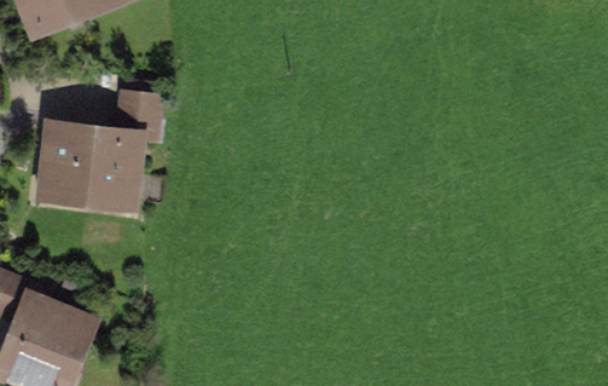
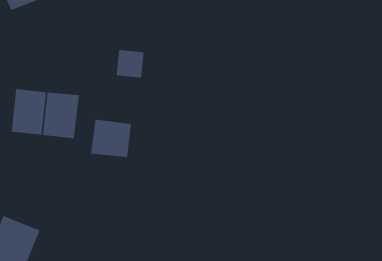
building: [121,96,160,136] -> [116,49,145,78]
building: none -> [90,119,132,158]

